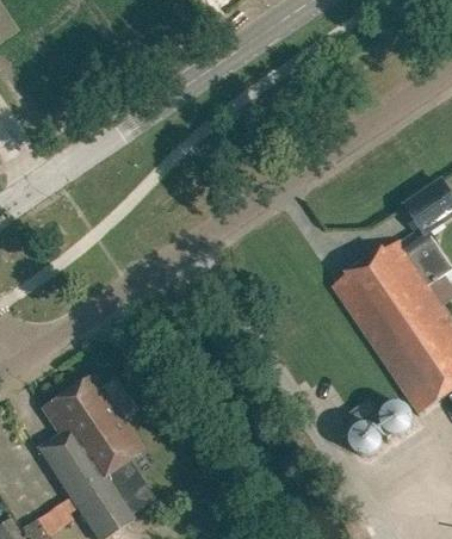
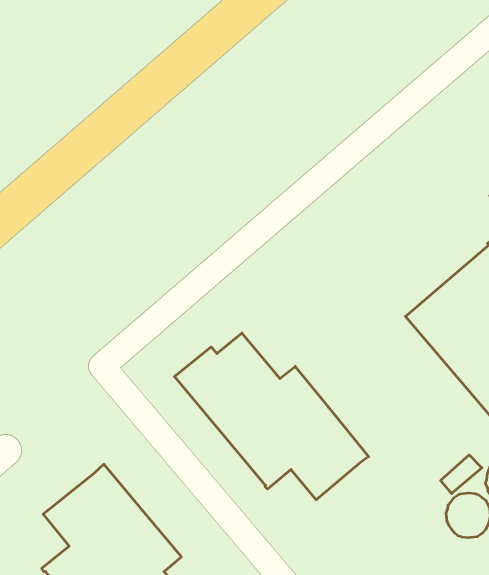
building: none -> [174,333,369,500]

